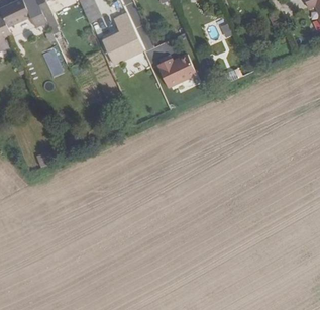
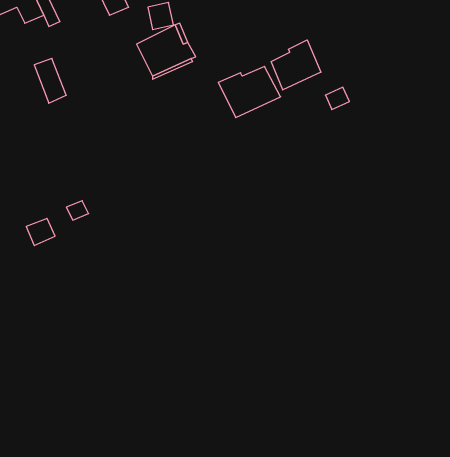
building: none -> [271,40,321,90]

